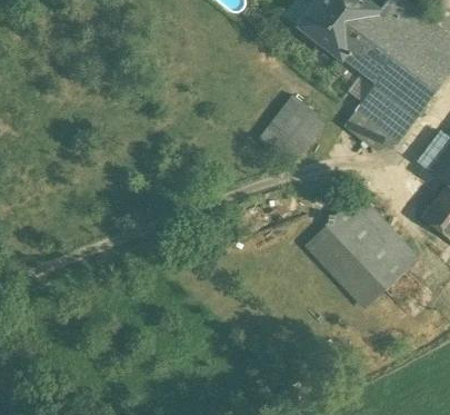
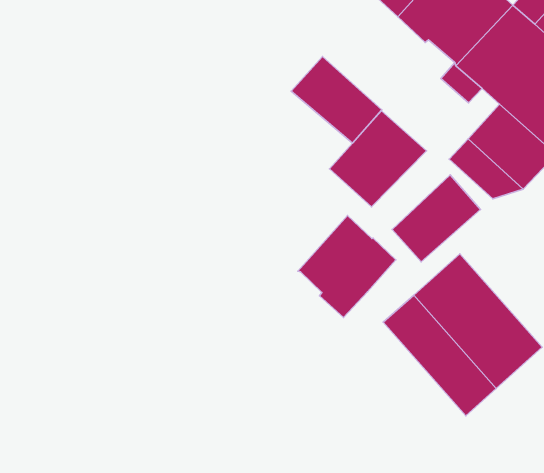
building: none -> [291,57,382,143]
building: none -> [392,175,480,262]
building: none -> [298,216,396,317]

